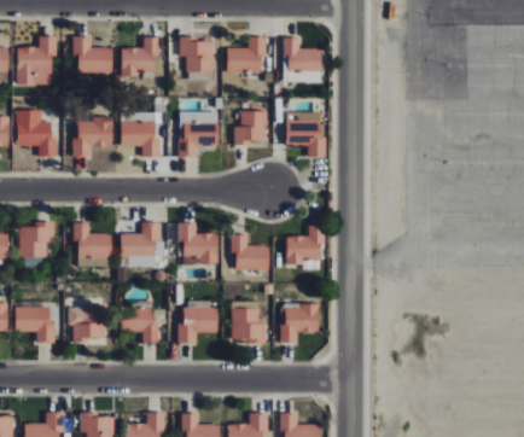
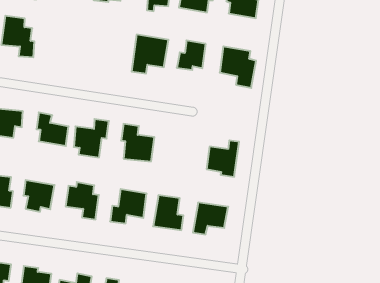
building: [121,106,165,157] -> none
building: [71,116,112,157] -> none
building: [231,234,268,270] -> none

